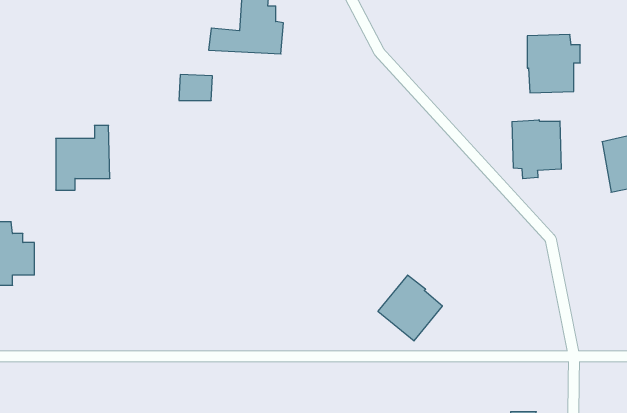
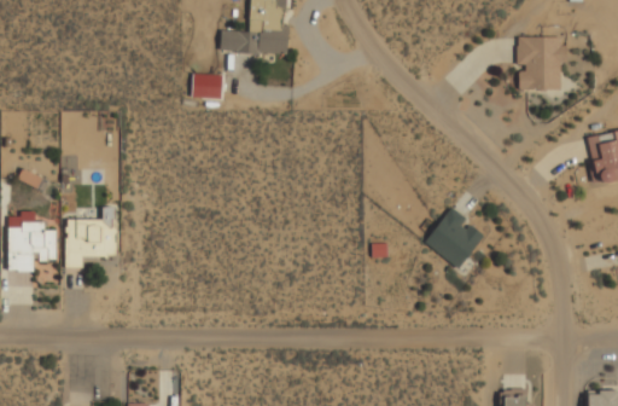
building: [512,120,561,179] -> none
building: [56,125,110,190] -> [66,207,117,267]
building: [378,275,442,341] -> [425,208,485,269]

